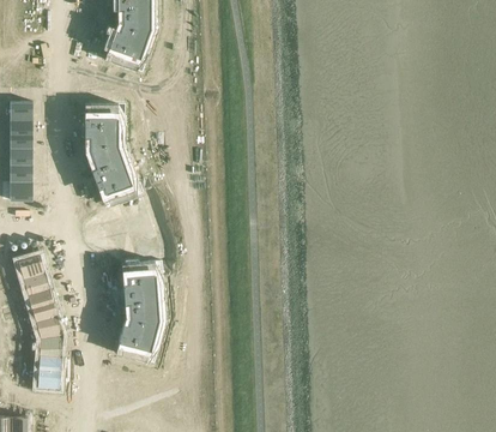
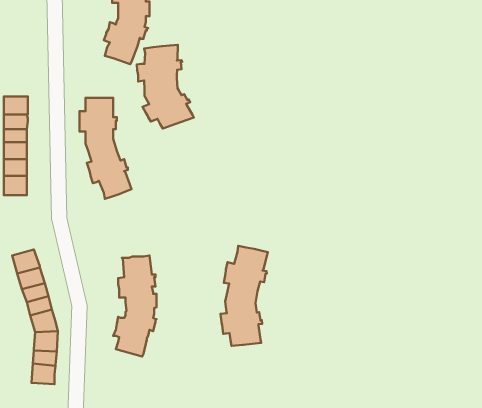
building: none -> [137,45,194,128]
building: none -> [220,246,268,346]

